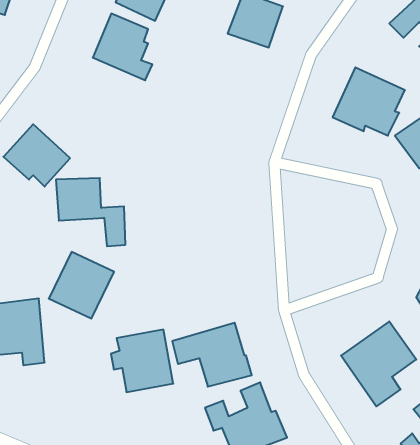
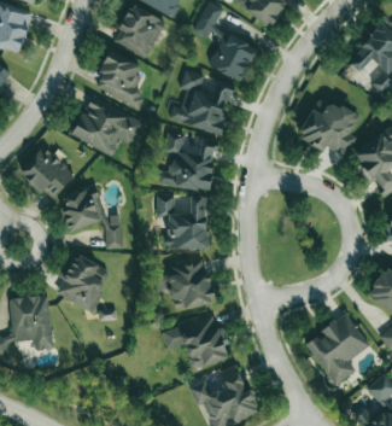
building: none -> [169,70,233,134]
building: none -> [71,95,142,157]
building: none -> [158,133,217,192]
building: none -> [157,197,207,250]
building: [111,330,173,392] -> [160,258,213,311]

